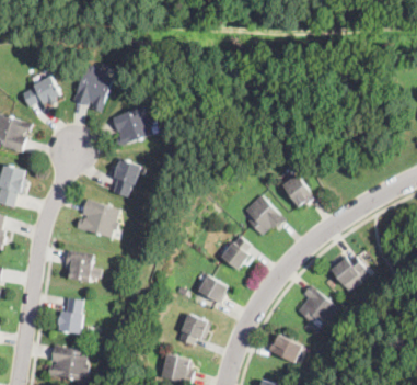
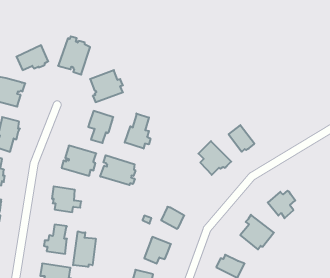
building: none -> [125,113,150,149]
building: none -> [100,155,135,185]
building: [221,235,251,270] -> none
building: none -> [73,231,96,267]

